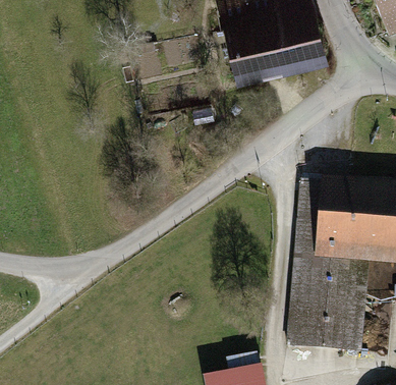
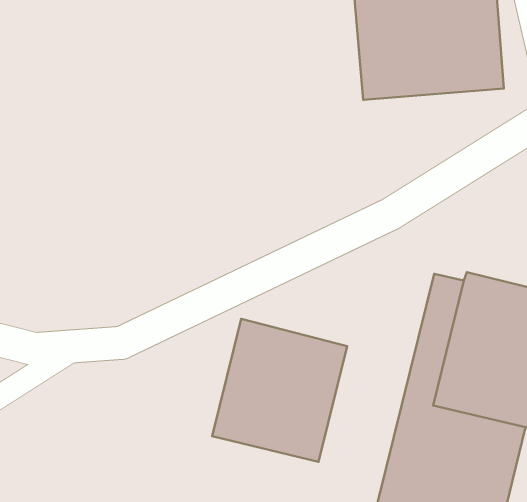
building: none -> [212,319,347,462]

